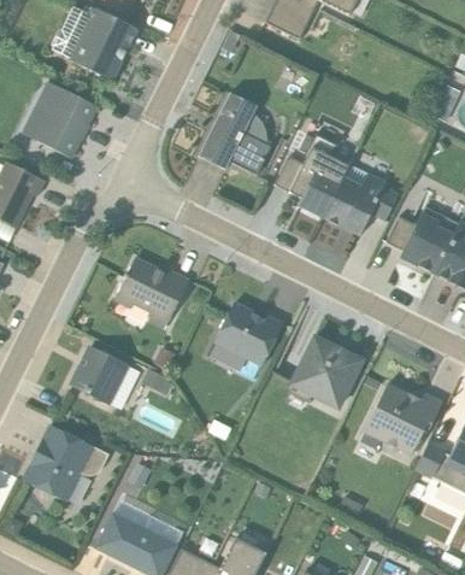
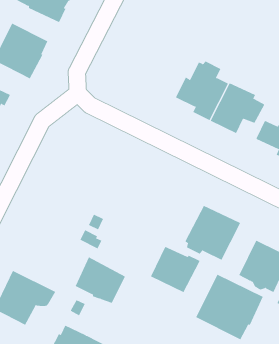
building: [199,93,271,175] -> none
building: [114,258,189,330] -> none
building: [214,301,284,366] -> [150,246,200,293]
building: [70,344,141,409] -> [75,257,126,303]
building: none -> [196,274,264,340]

